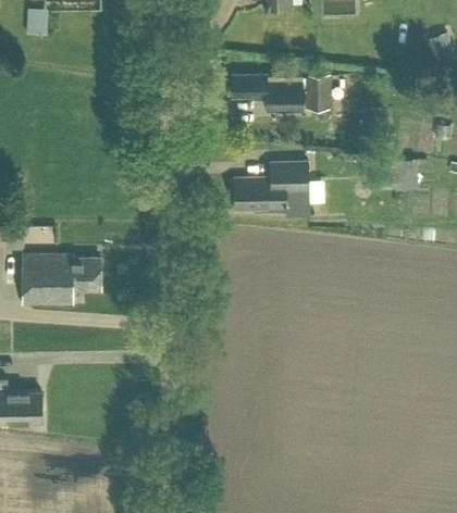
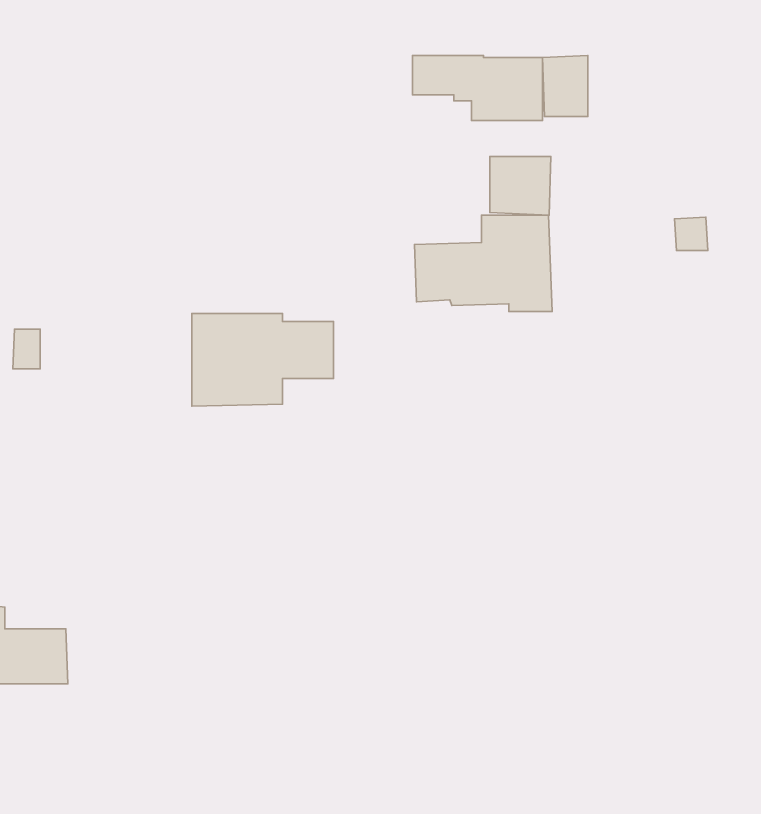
building: none -> [490,157,551,215]
building: [22,253,100,304] -> [192,313,334,406]

